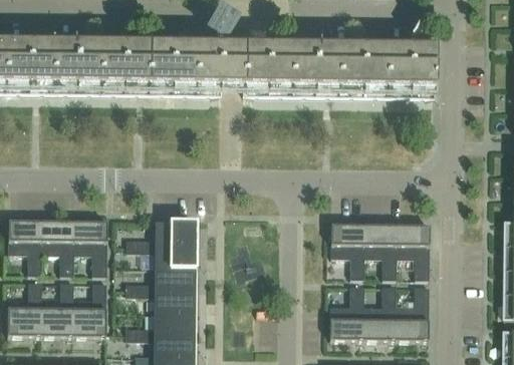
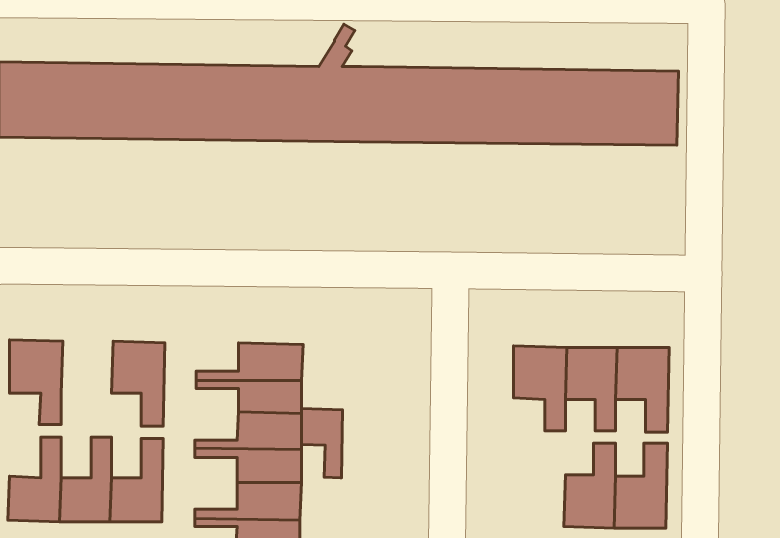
building: [41,221,74,275] -> none
building: none -> [301,408,343,478]
building: [329,285,363,339] -> none

